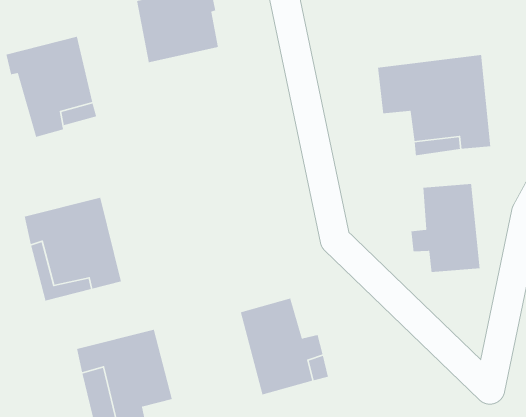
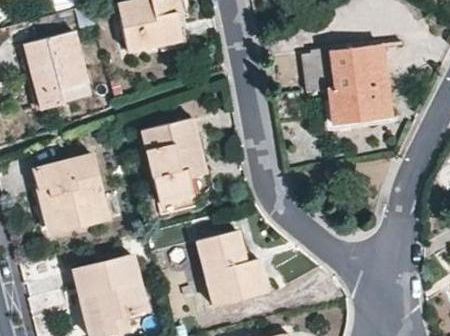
building: none -> [142,118,208,203]
building: [411,183,480,273] -> none

